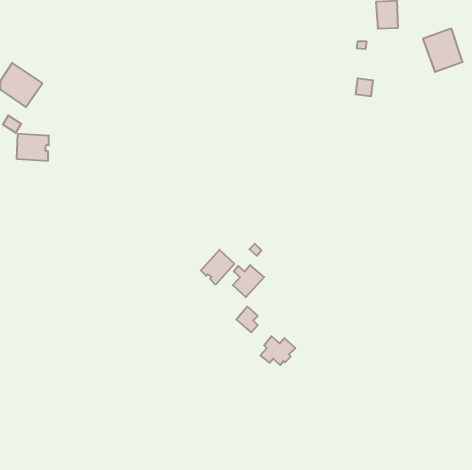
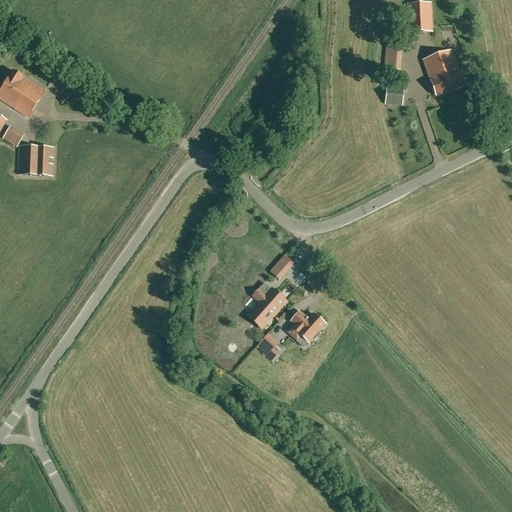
building: [423,29,463,72] -> [422,48,465,95]
building: [201,250,234,285] -> none
building: [260,336,295,365] -> [287,310,325,341]

